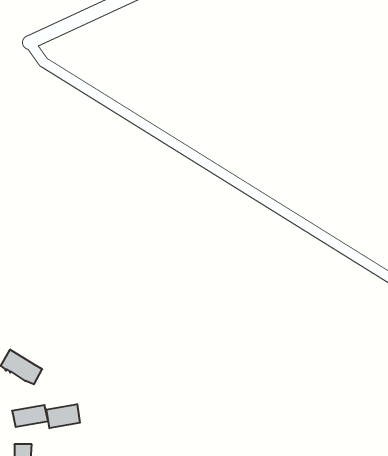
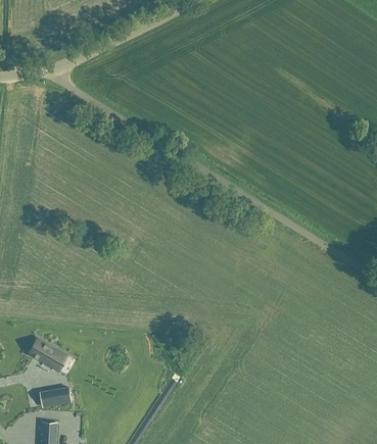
building: [47,404,80,428] -> none

